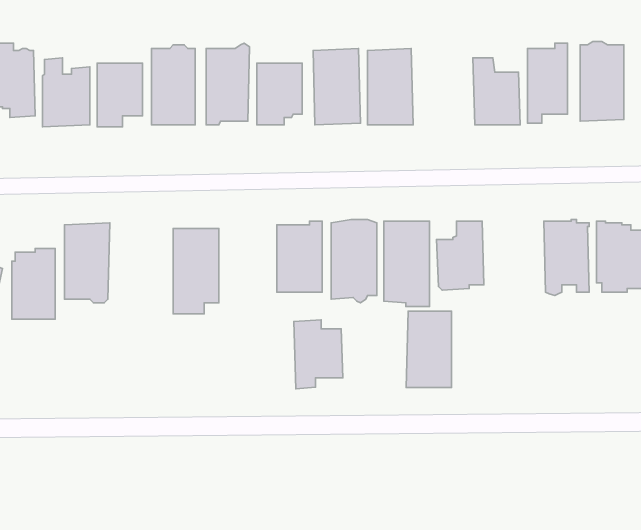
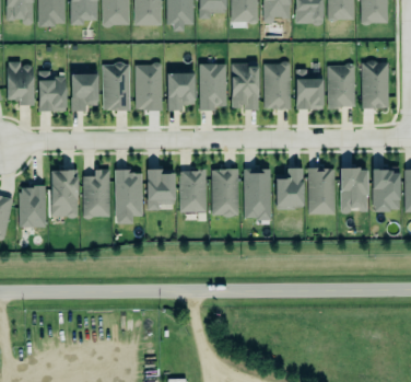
building: none -> [262,61,290,109]
building: none -> [82,170,110,219]
building: [406,311,452,387] -> [308,170,336,216]
building: [294,320,343,389] -> [145,169,175,210]

